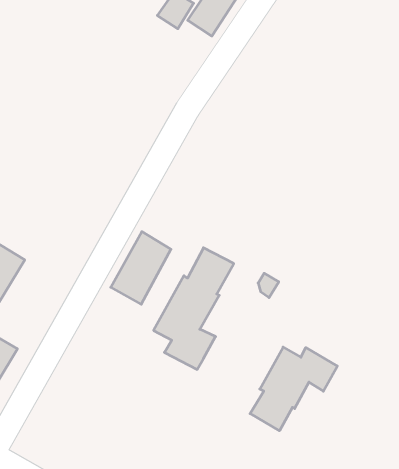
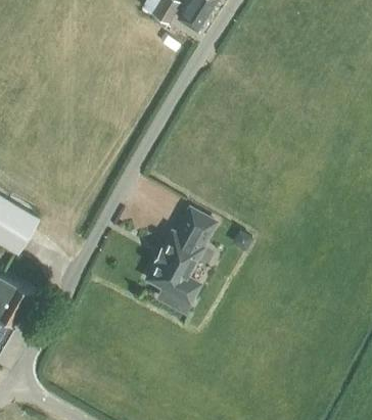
building: [111,232,171,304] -> none
building: [250,347,337,431] -> none

